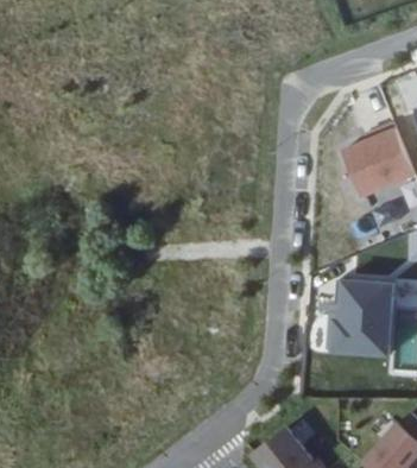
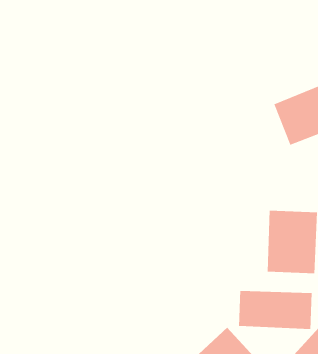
building: none -> [239,290,312,330]

